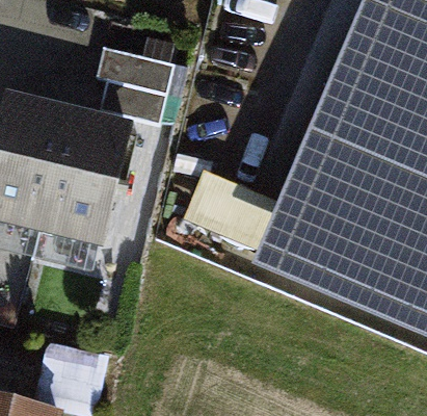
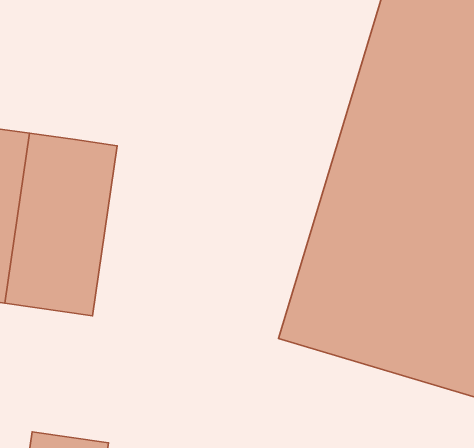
building: [99,47,178,121] -> none

